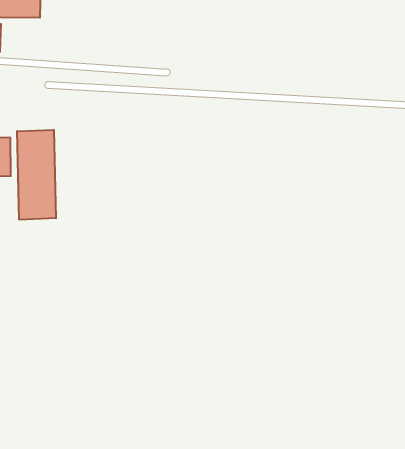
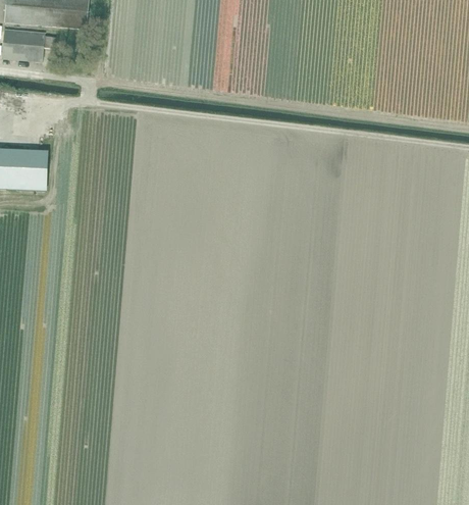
building: [17,130,56,220] -> none

